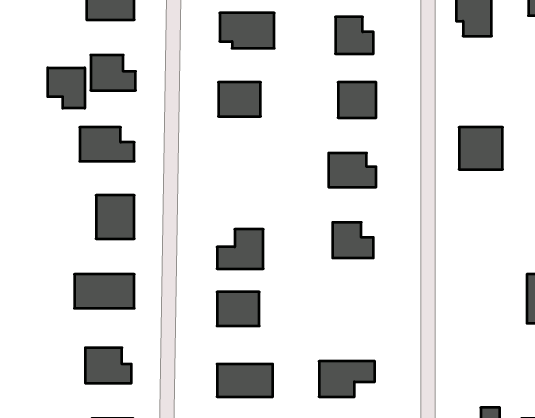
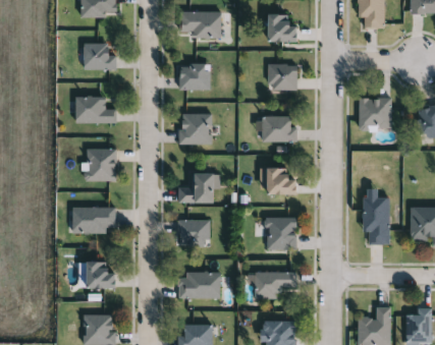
building: [48,68,85,108] -> none
building: none -> [180,114,213,143]
building: none -> [363,188,389,244]
building: none -> [267,217,296,249]

